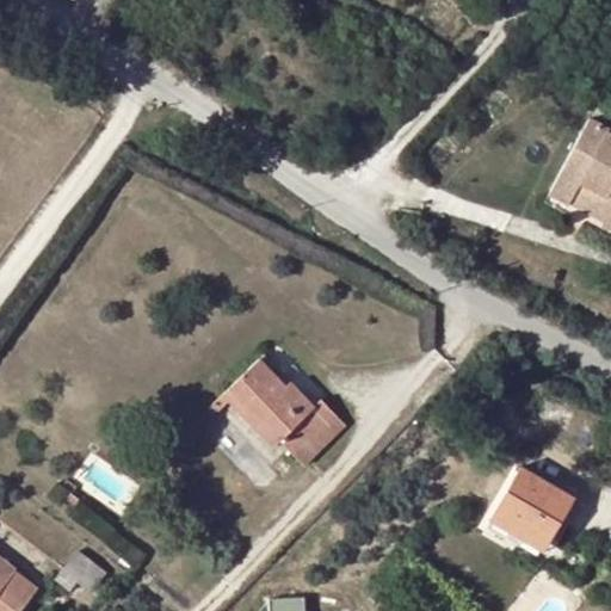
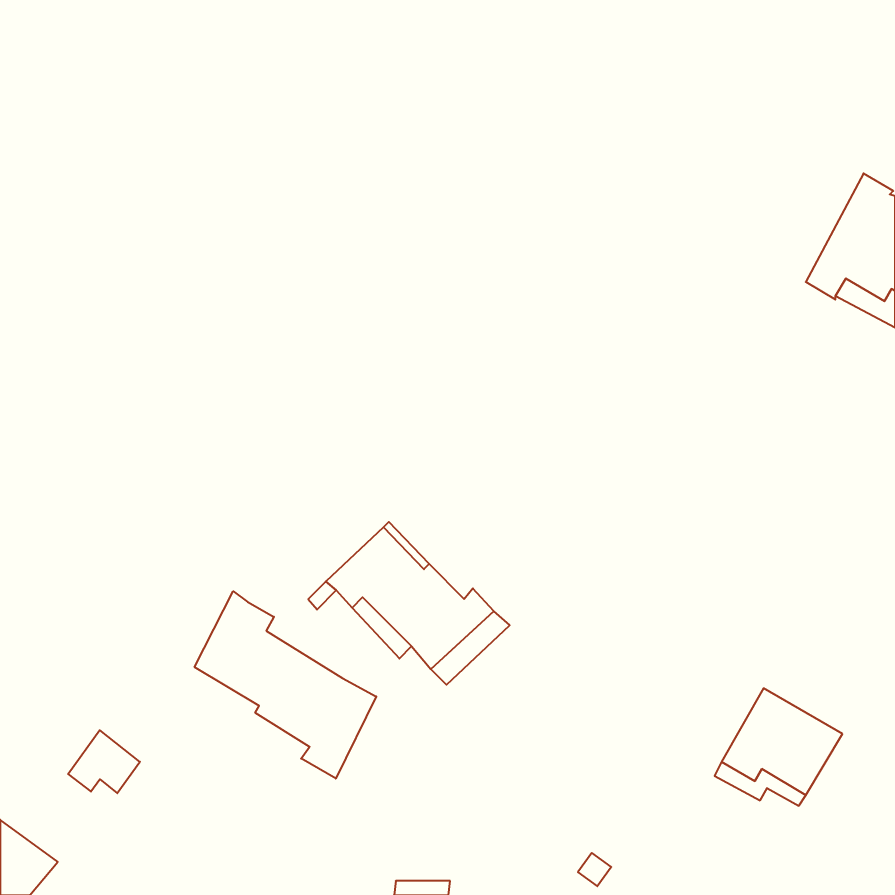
building: none -> [195,591,376,779]
building: [56,550,105,593] -> [68,730,140,793]

